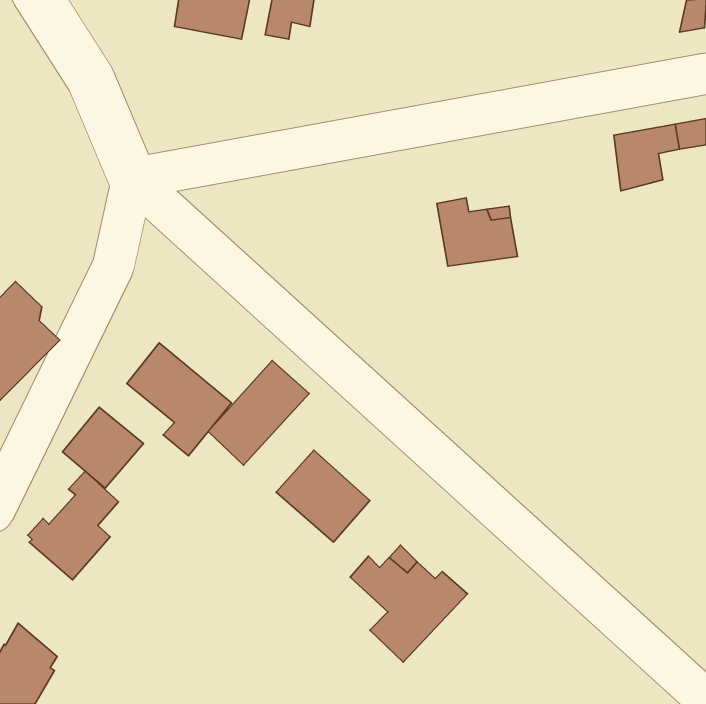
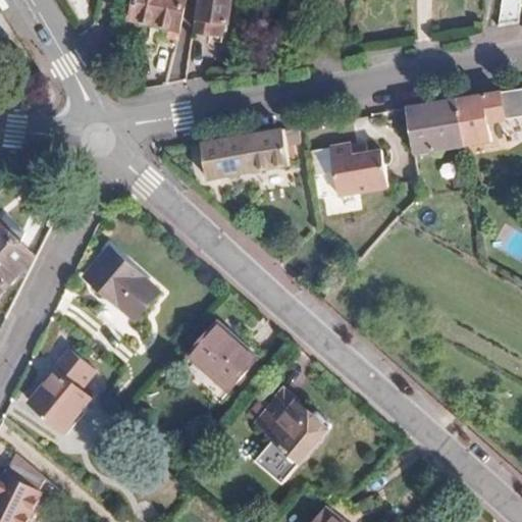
building: none -> [395,99,454,152]
building: none -> [191,134,280,185]
building: [208,360,309,465] -> none
building: [62,407,143,488] -> none

